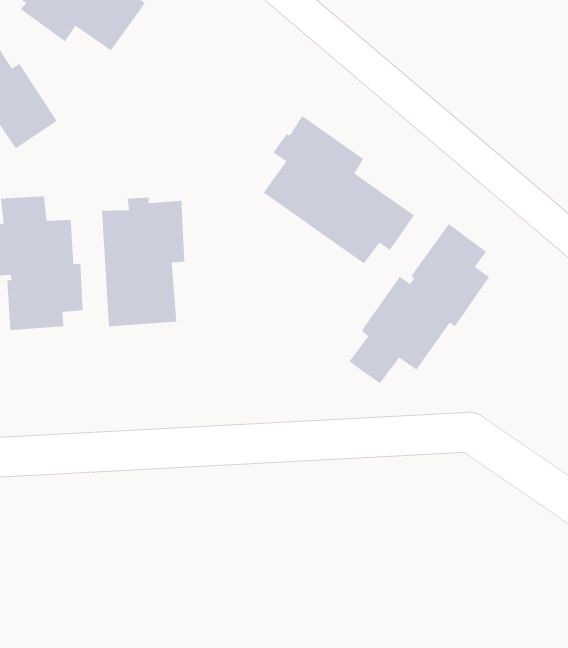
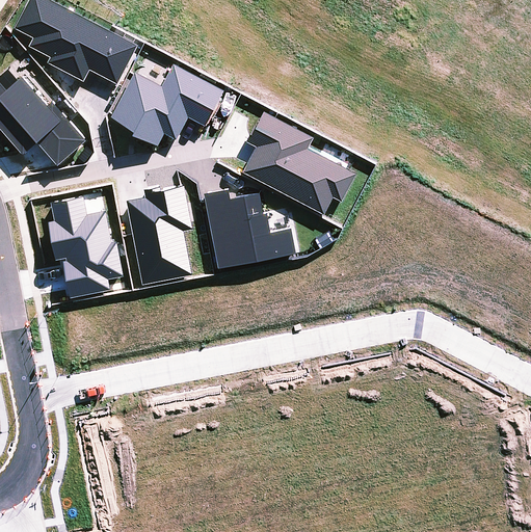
building: none -> [110,64,223,147]
building: none -> [204,189,296,269]
building: [349,223,490,384] -> none

